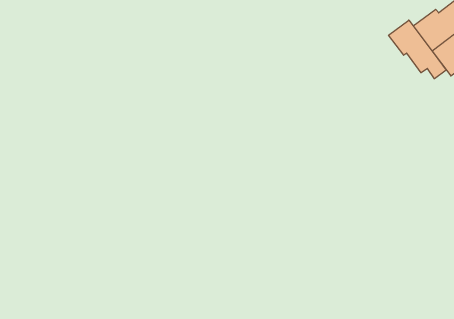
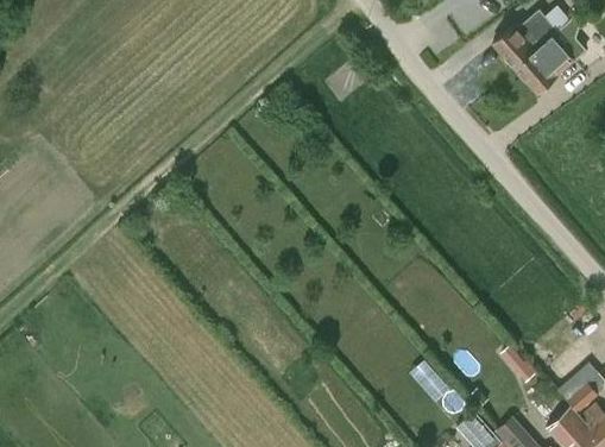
building: [389,20,446,79] -> none

